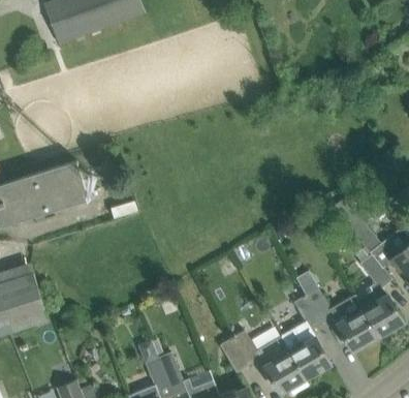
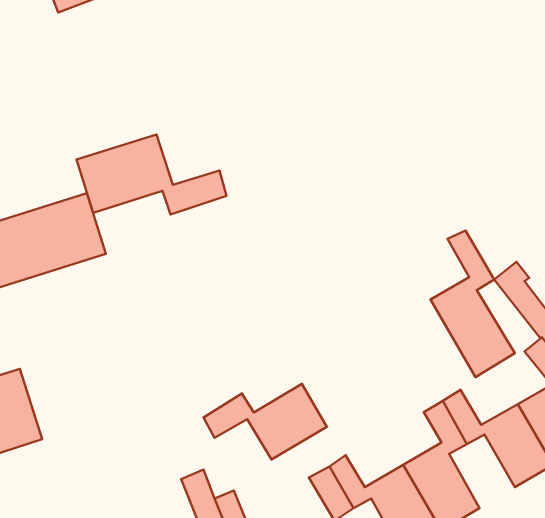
building: none -> [76,134,226,215]
building: none -> [431,231,515,377]
building: none -> [203,384,327,460]

